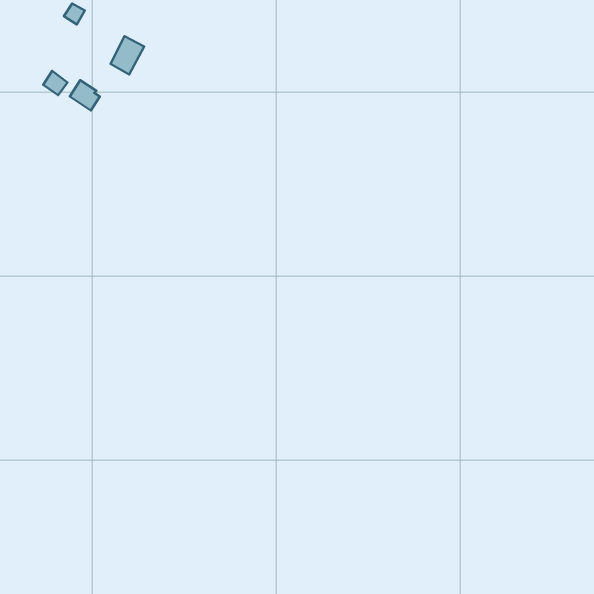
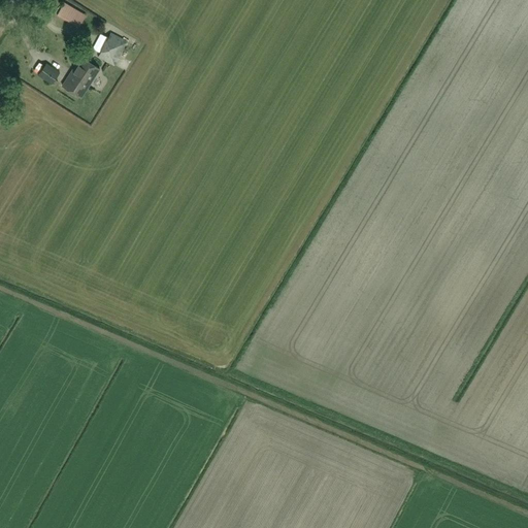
building: none -> [71,57,99,86]

